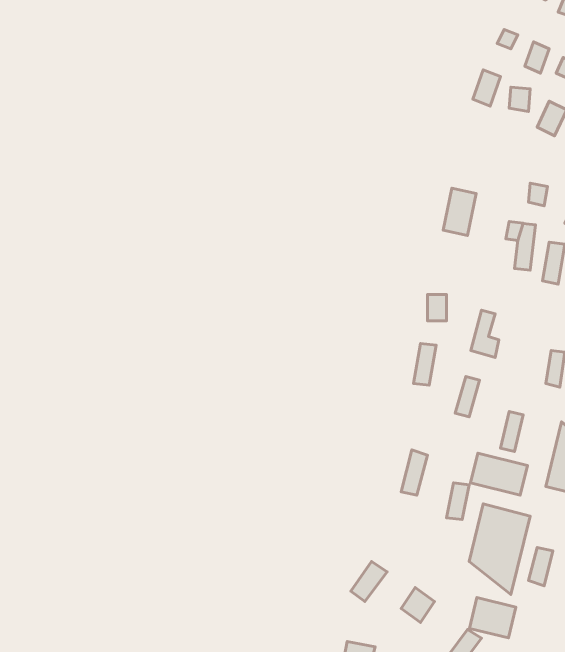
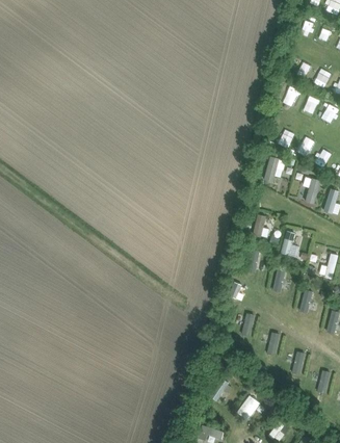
building: [471,453,528,495] -> none
building: [469,597,516,638] -> none

